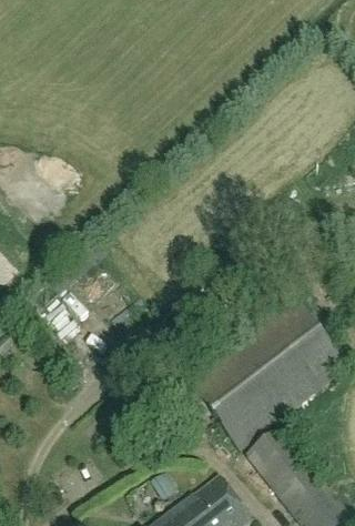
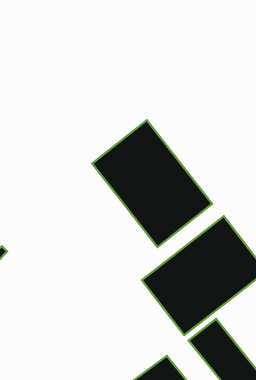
building: none -> [92,120,212,247]

